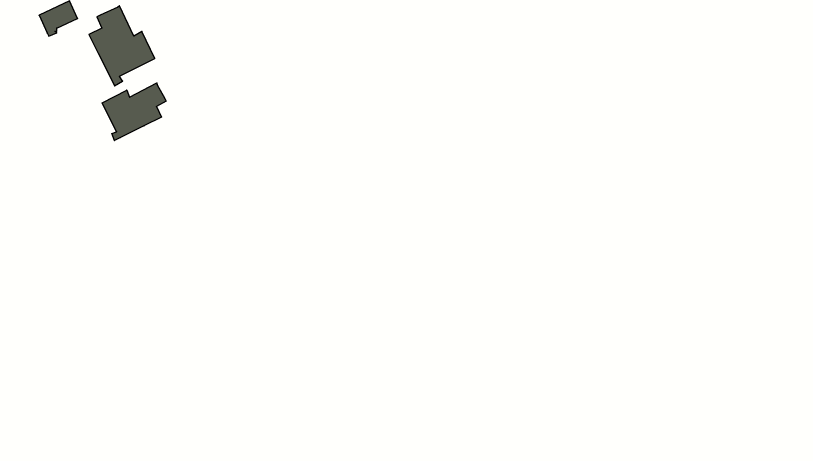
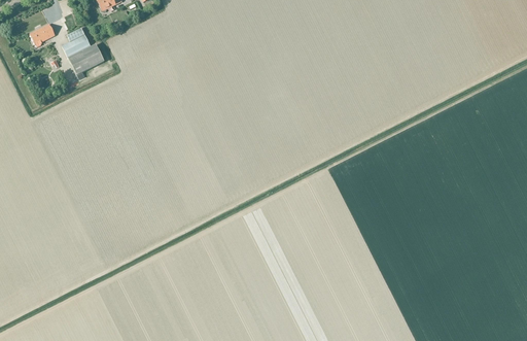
building: [102,83,166,141] -> none

